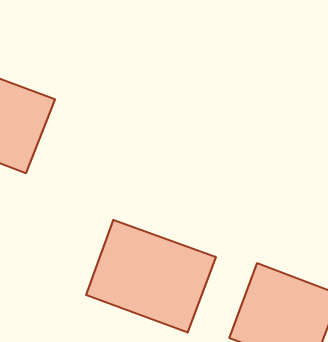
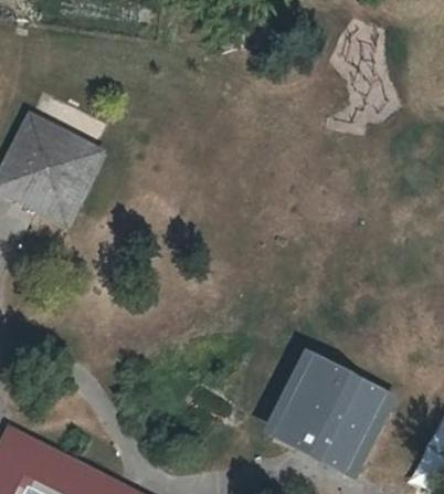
building: [86,220,216,333] -> none

